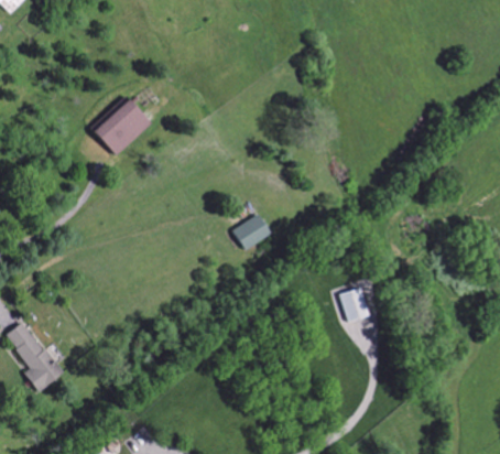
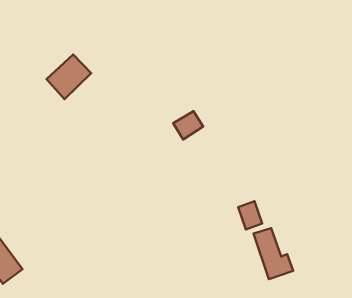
building: [232,214,271,250] -> [173,111,203,139]
building: none -> [254,228,293,279]

